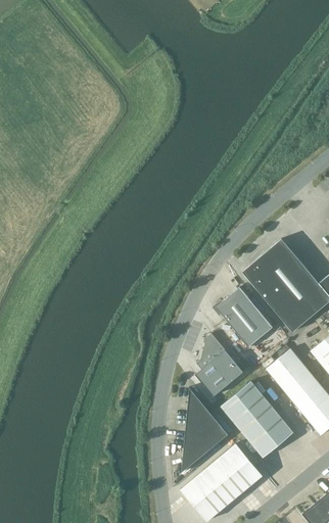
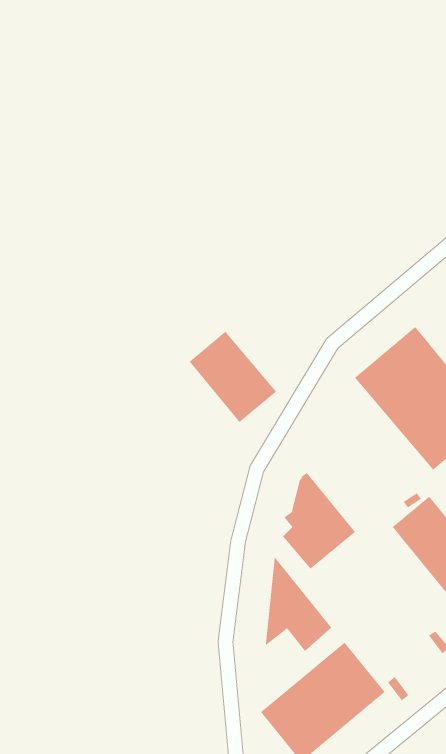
building: [216,287,273,347] -> [189,330,277,423]
building: [222,381,293,458] -> none
building: [182,435,209,473] -> none

